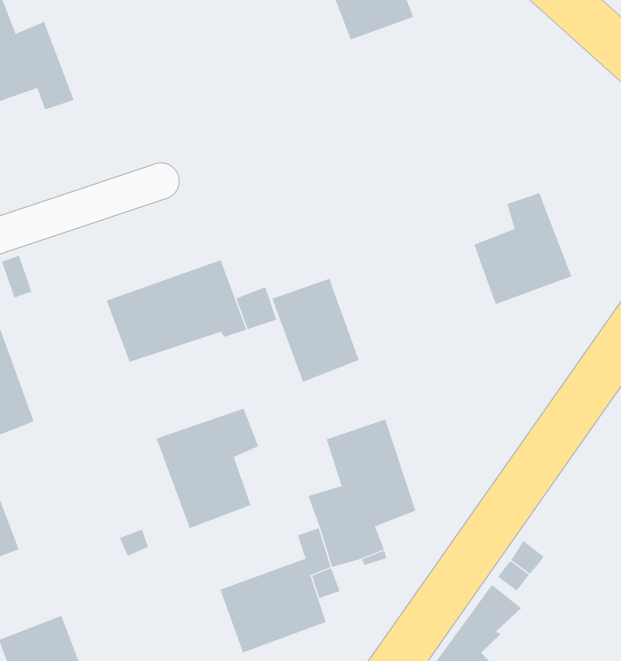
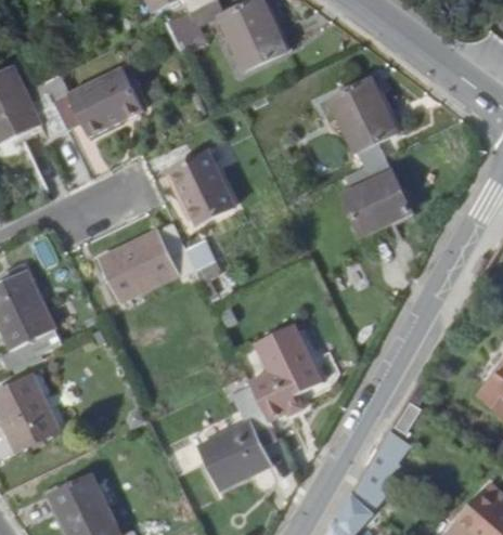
building: none -> [46,69,144,136]
building: none -> [328,80,398,171]
building: [271,278,359,382] -> [176,154,238,225]
building: [156,408,259,529] -> none

